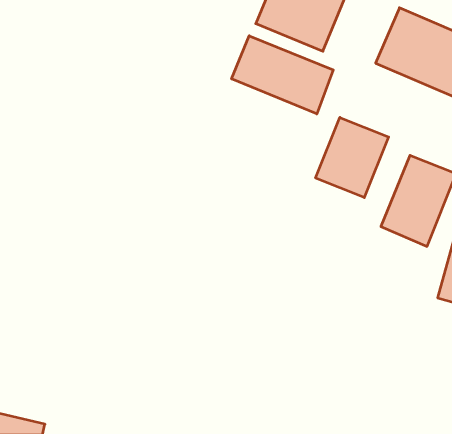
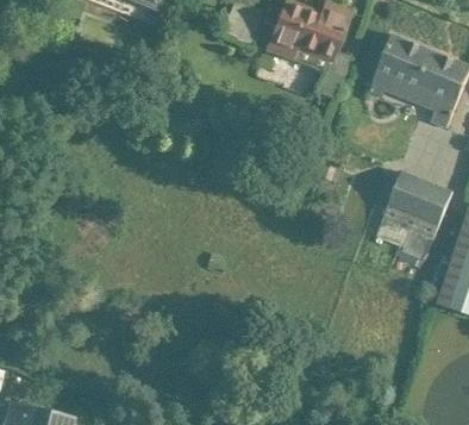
building: [232,36,333,114] -> none
building: [316,117,389,198] -> none

